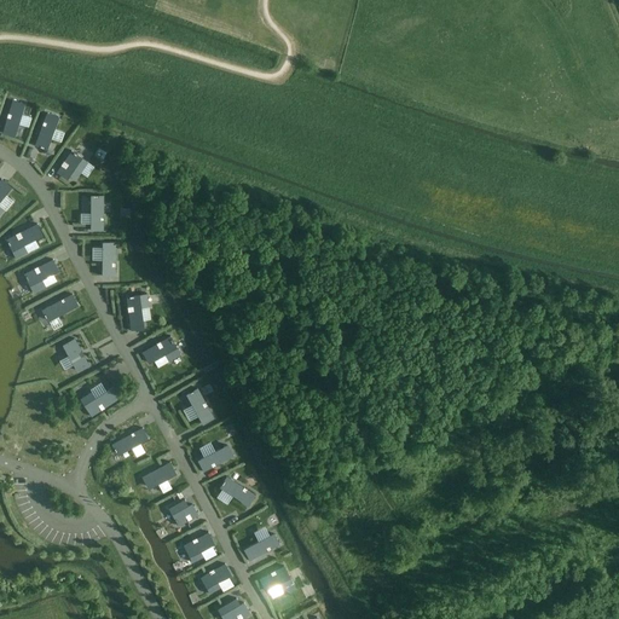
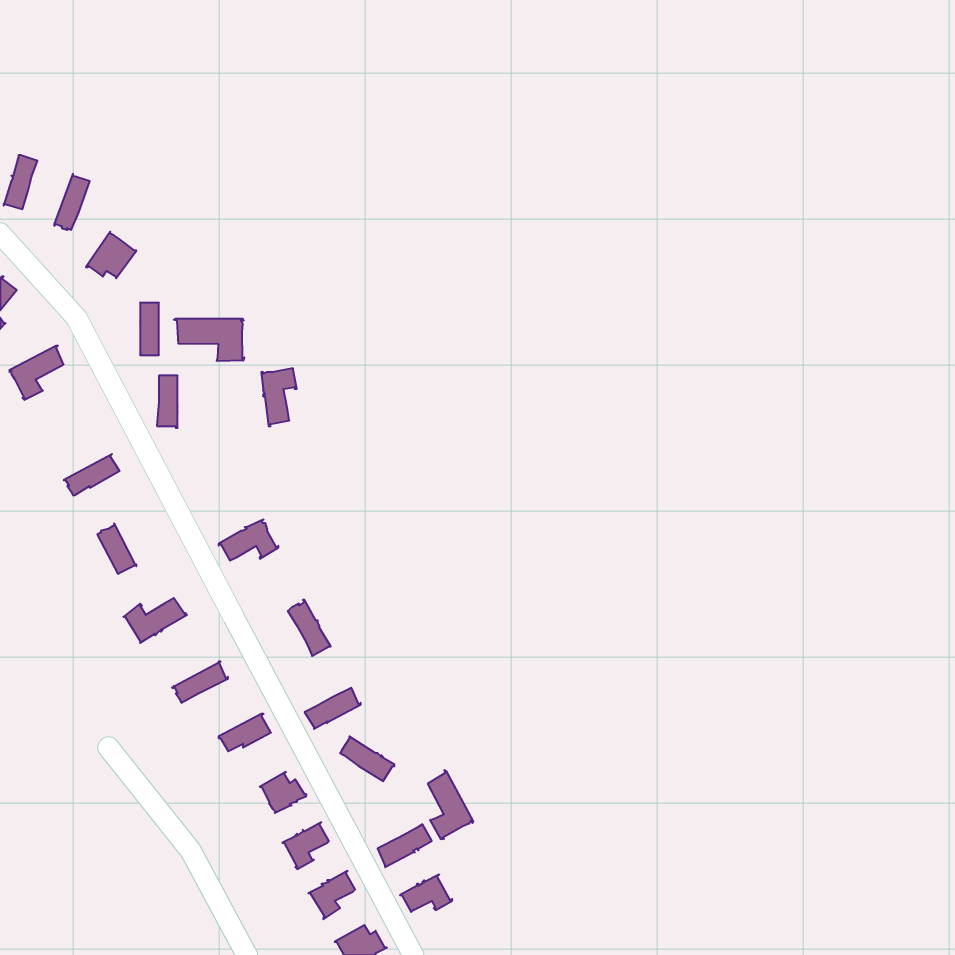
building: none -> [174,319,244,361]
building: [22,259,57,293] -> none
building: [126,294,149,331] -> [261,368,297,426]
building: none -> [428,770,473,839]

